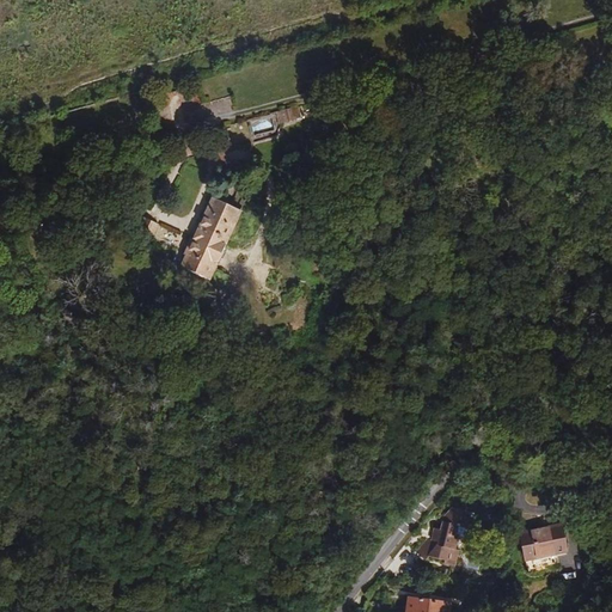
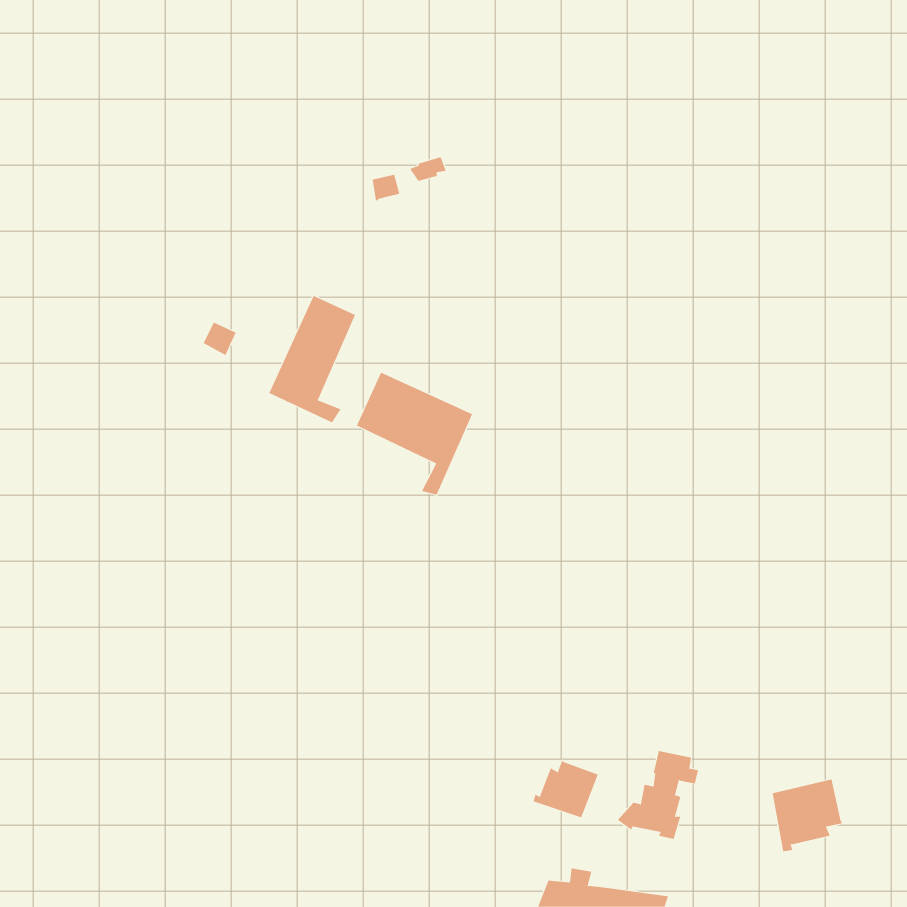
building: none -> [356,372,473,496]
building: none -> [533,760,599,818]

